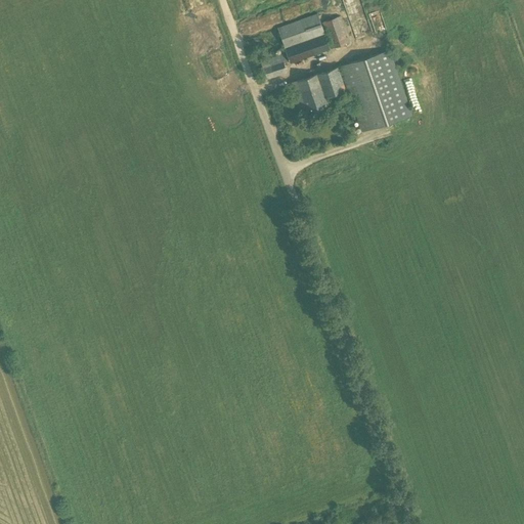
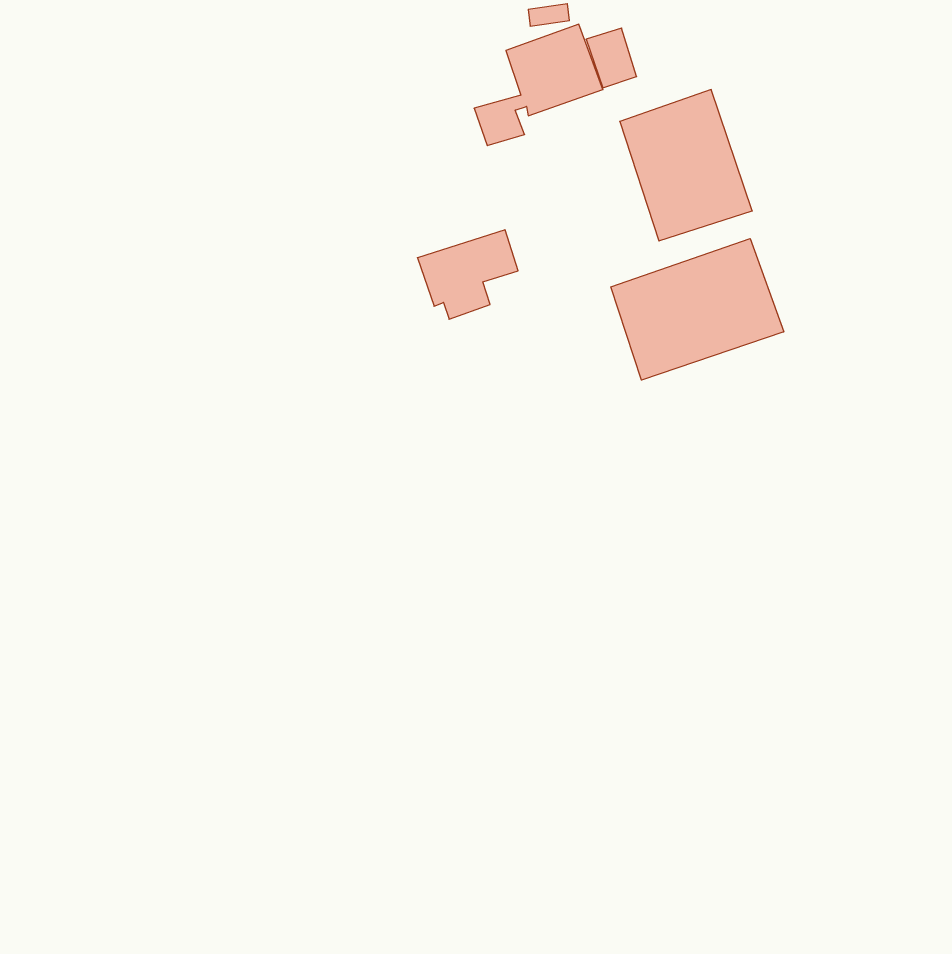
building: [291,68,346,117] -> [417,230,518,319]
building: none -> [611,239,784,380]

